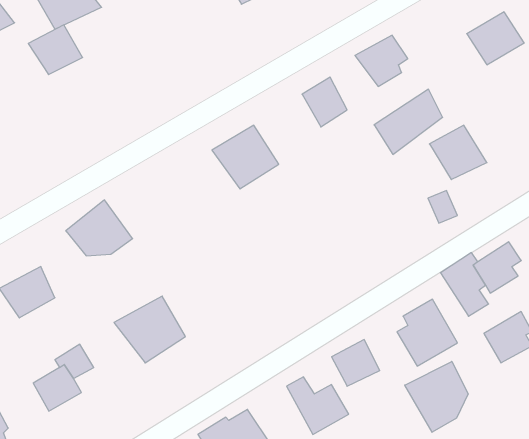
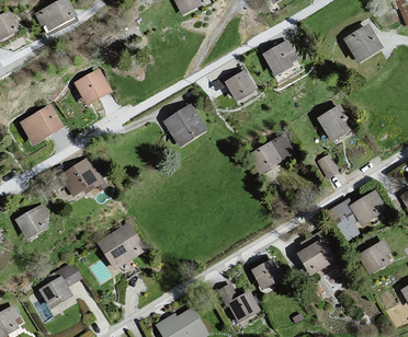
building: [28,25,83,75] -> [76,71,114,106]
building: [374,89,443,154] -> [249,132,297,178]
building: none -> [21,106,66,147]
building: [405,361,468,432] -> none

